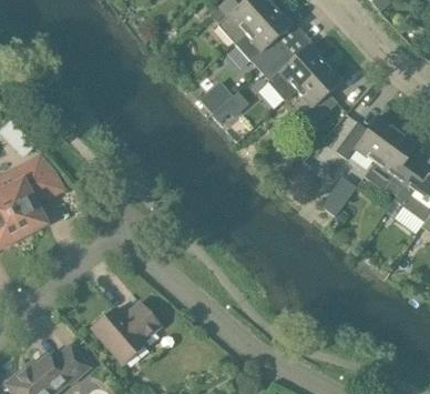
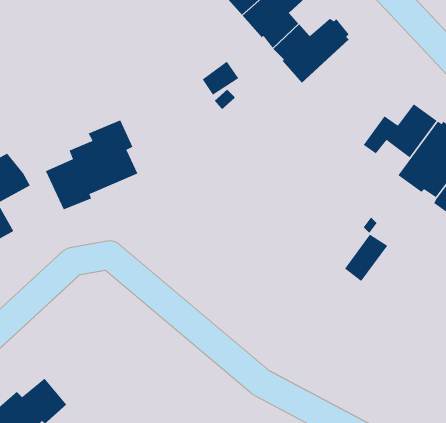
building: [284,63,340,127] -> none
building: none -> [45,120,138,210]
building: [319,176,356,216] -> [344,234,388,282]
building: [91,306,160,364] -> none

